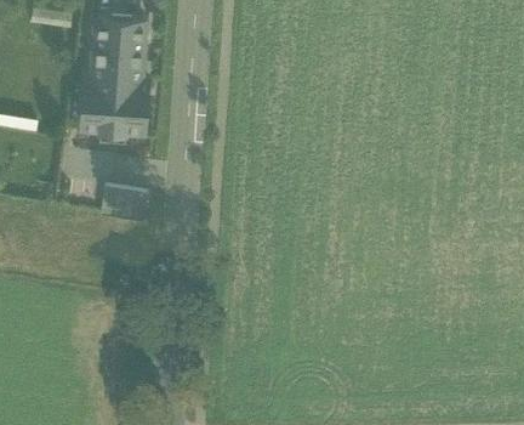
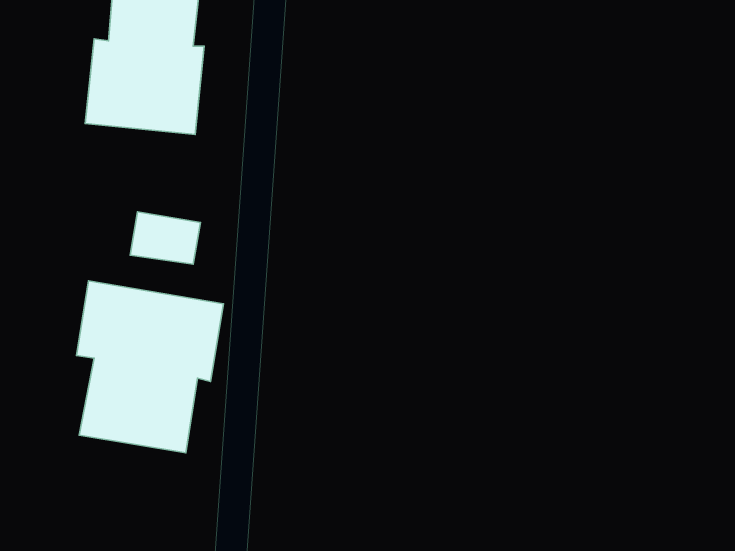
building: none -> [76,281,224,453]

